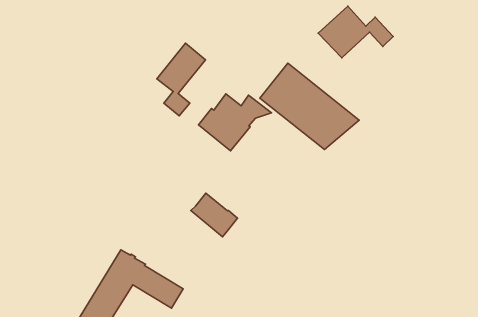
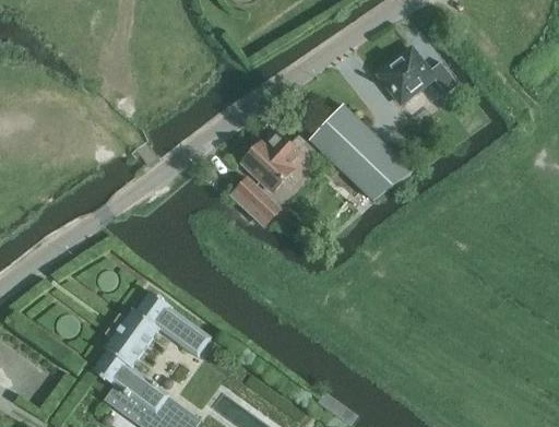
building: [157,43,206,116] -> none
building: [191,193,237,237] -> [229,178,278,226]

